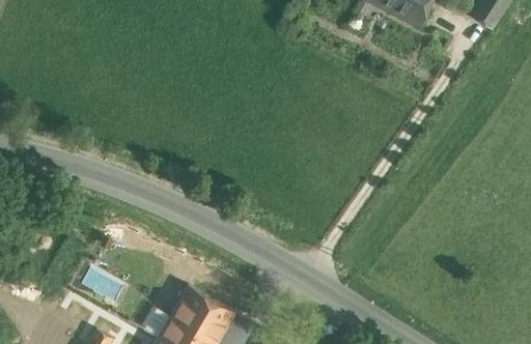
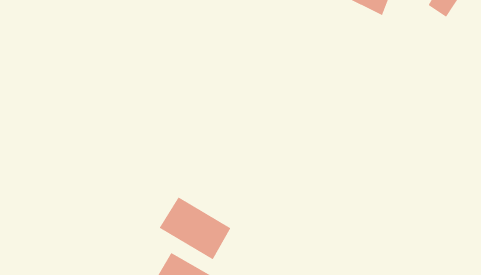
building: none -> [159,196,231,260]

